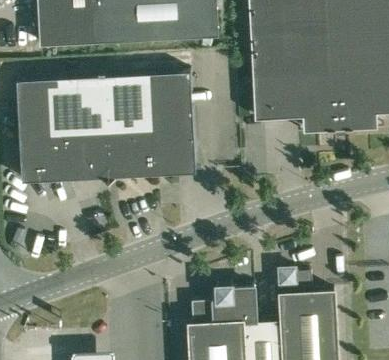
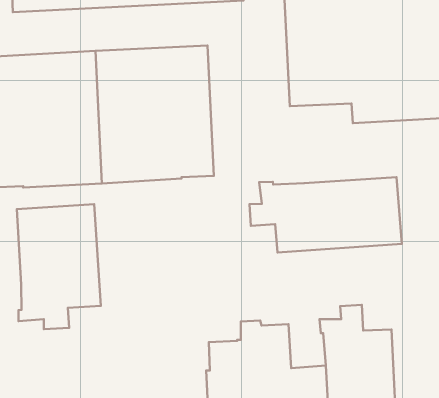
building: none -> [249,177,402,252]
building: none -> [17,204,101,329]

